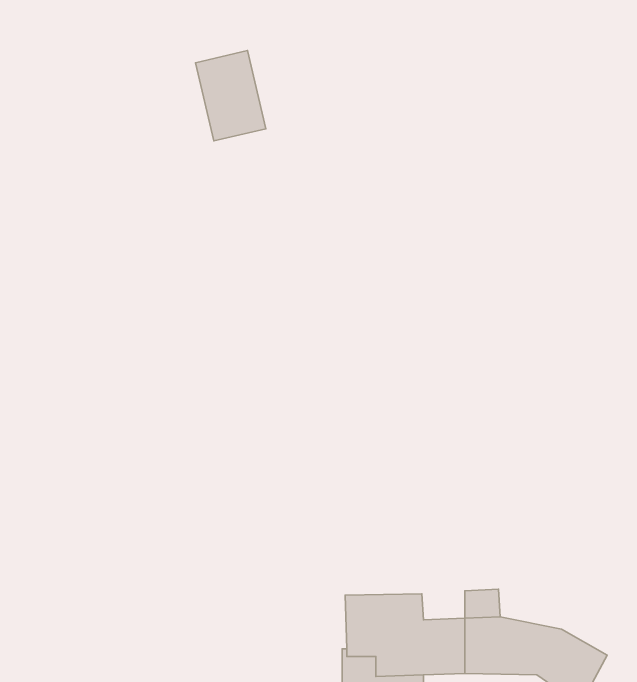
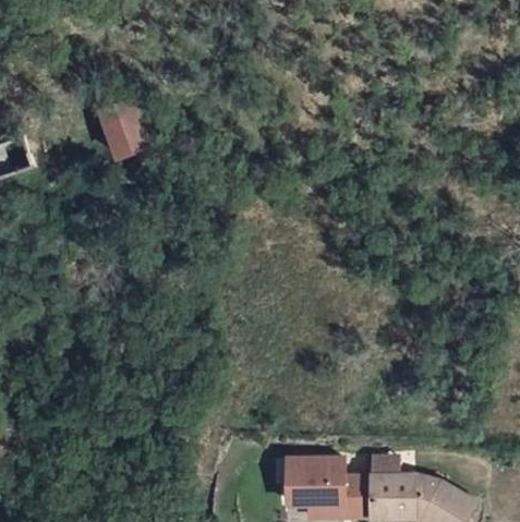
building: [195,51,266,141] -> [100,98,150,162]

